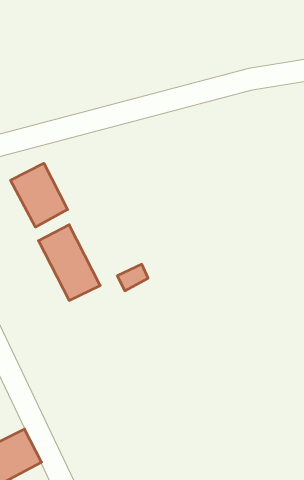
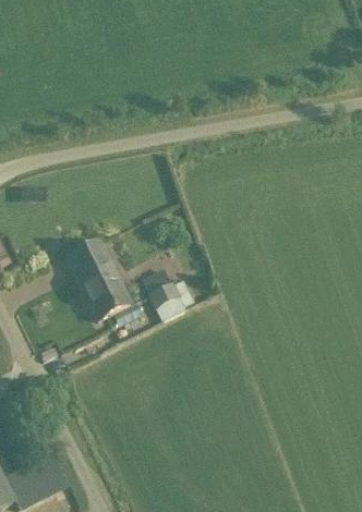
building: [11,163,68,227] -> none

